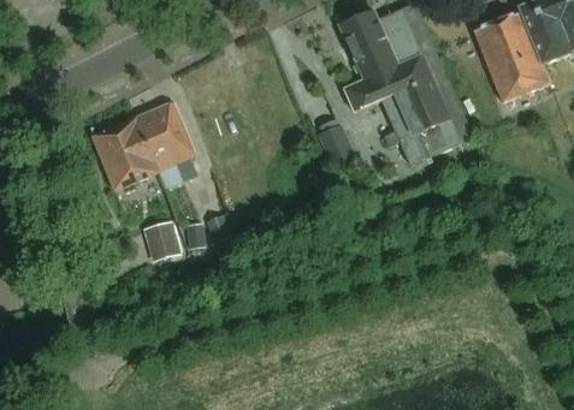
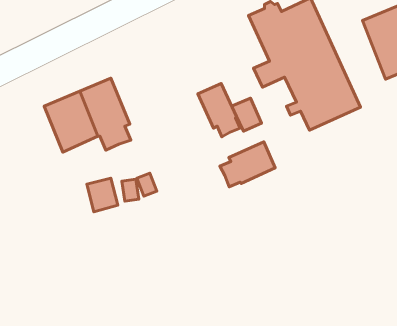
building: none -> [198,84,240,137]
building: none -> [220,142,275,187]

